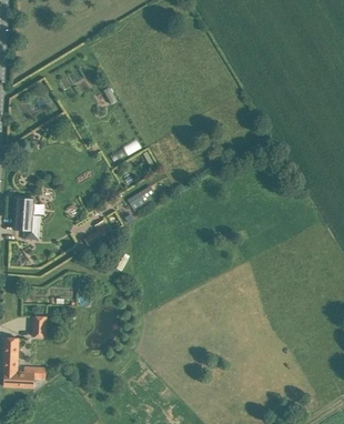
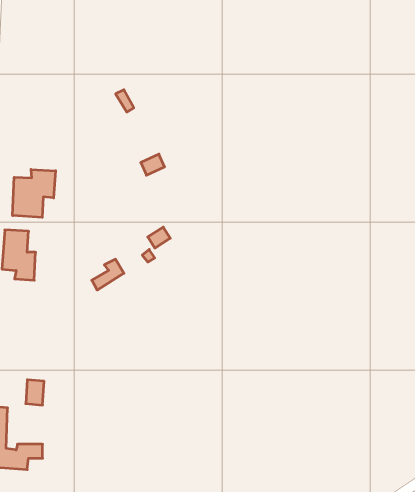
building: none -> [13,169,56,217]

